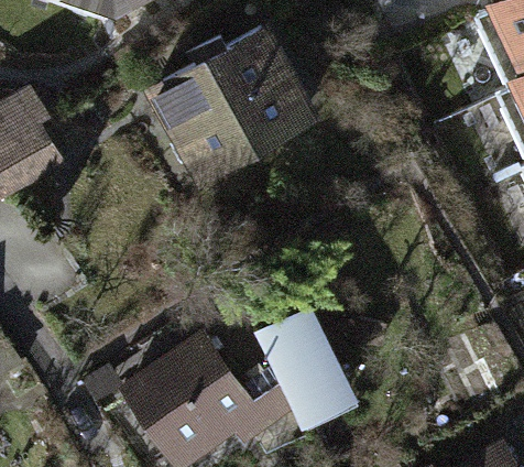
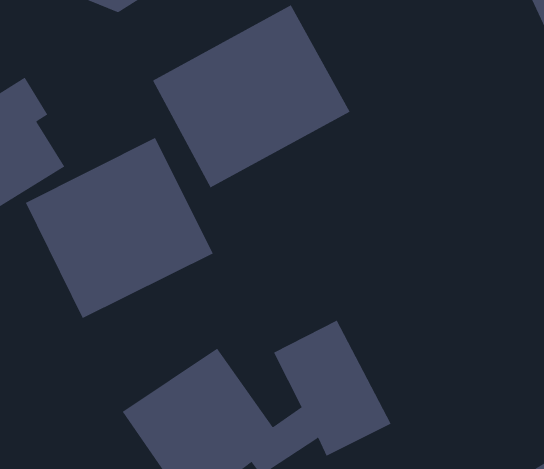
building: none -> [25,137,213,319]

